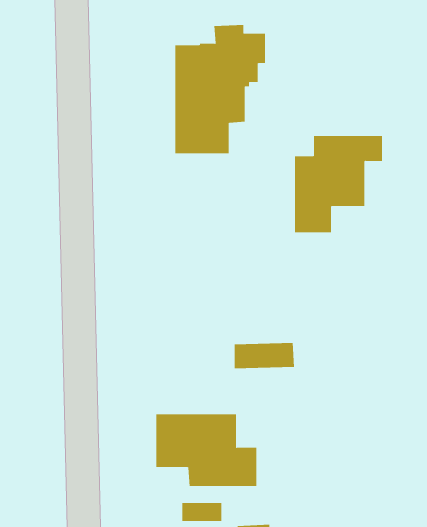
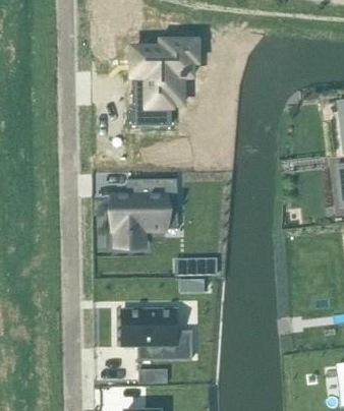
building: [294,135,383,233] -> [117,181,179,249]

